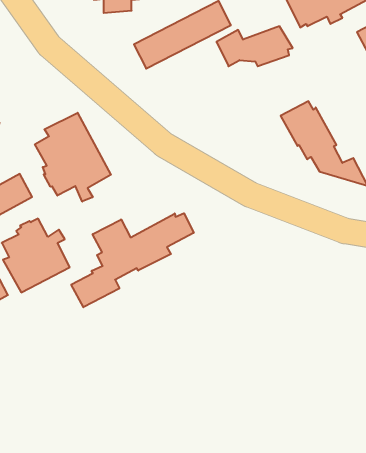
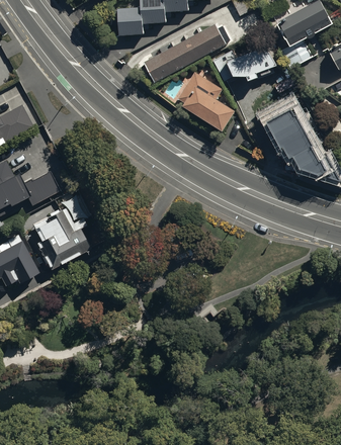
building: none -> [178,71,236,131]
building: [35,113,111,202] -> none
building: [71,213,194,307] -> none

